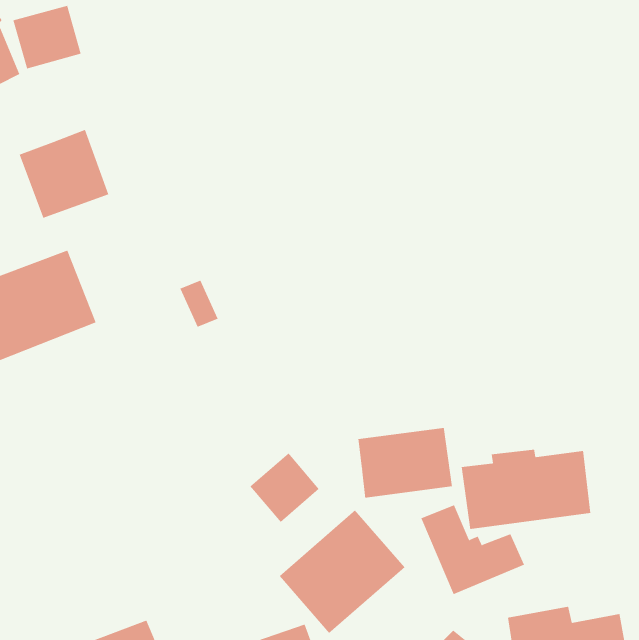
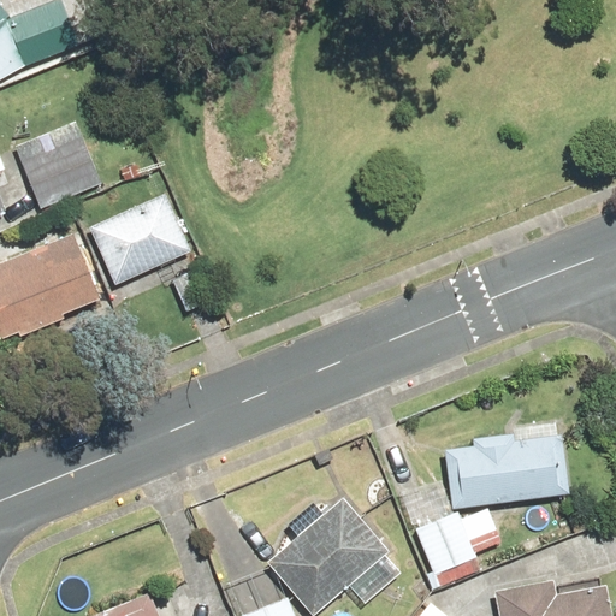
building: none -> [84,199,188,291]
building: [358,427,453,499] -> none
building: [250,453,320,523] -> none

